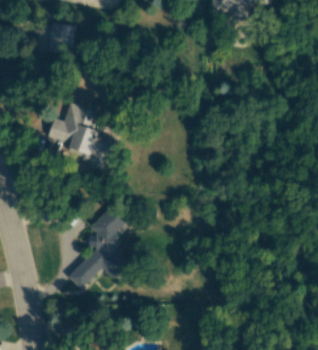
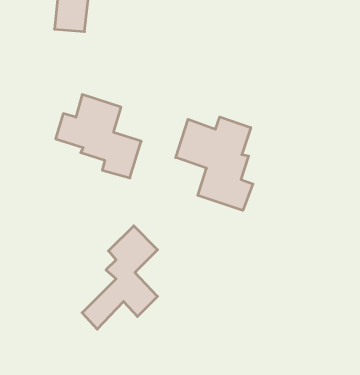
building: none -> [176,117,253,210]

